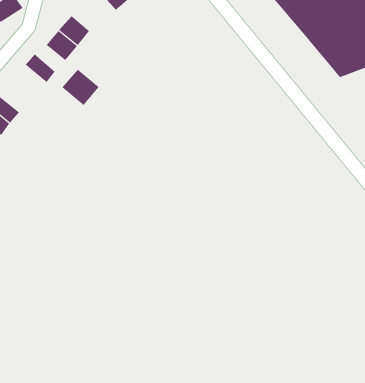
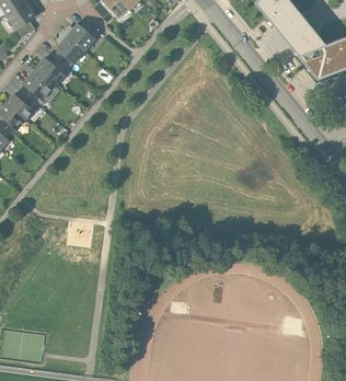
building: [62,69,100,106] -> [23,68,57,101]

